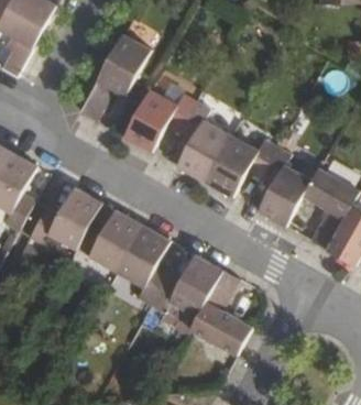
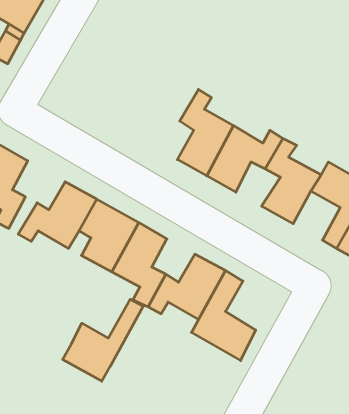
building: [80,33,150,120] -> none
building: [123,89,197,151] -> none
building: none -> [63,299,143,381]

